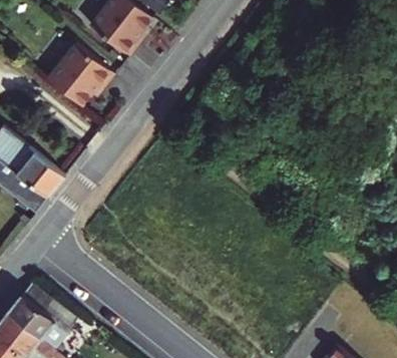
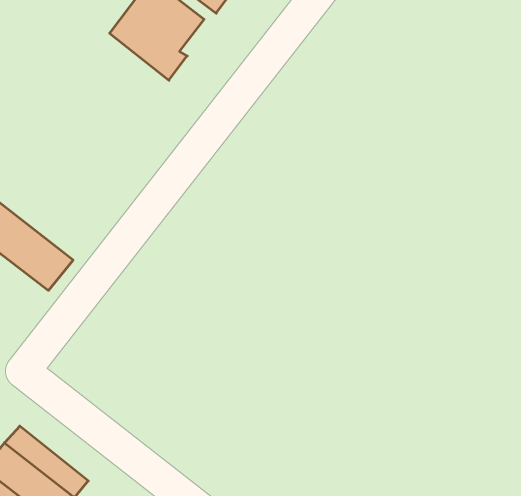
building: [46,44,113,106] -> none

